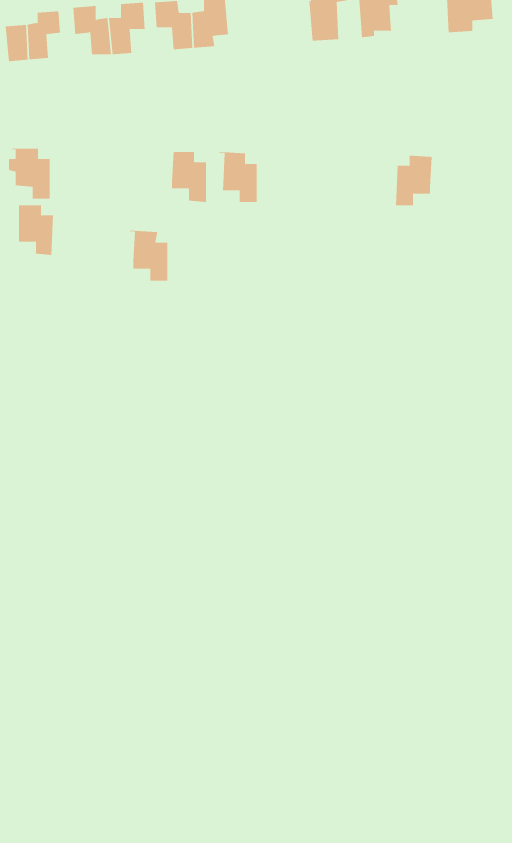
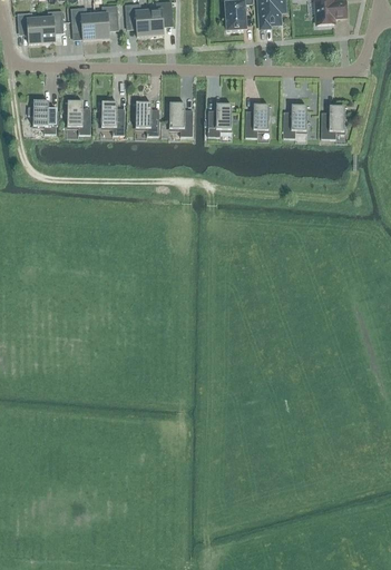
building: none -> [207,102,234,136]
building: none -> [244,104,271,136]
building: none -> [320,105,346,138]
building: [18,205,54,256] -> [67,100,90,134]
building: [129,230,168,281] -> [98,100,124,134]

